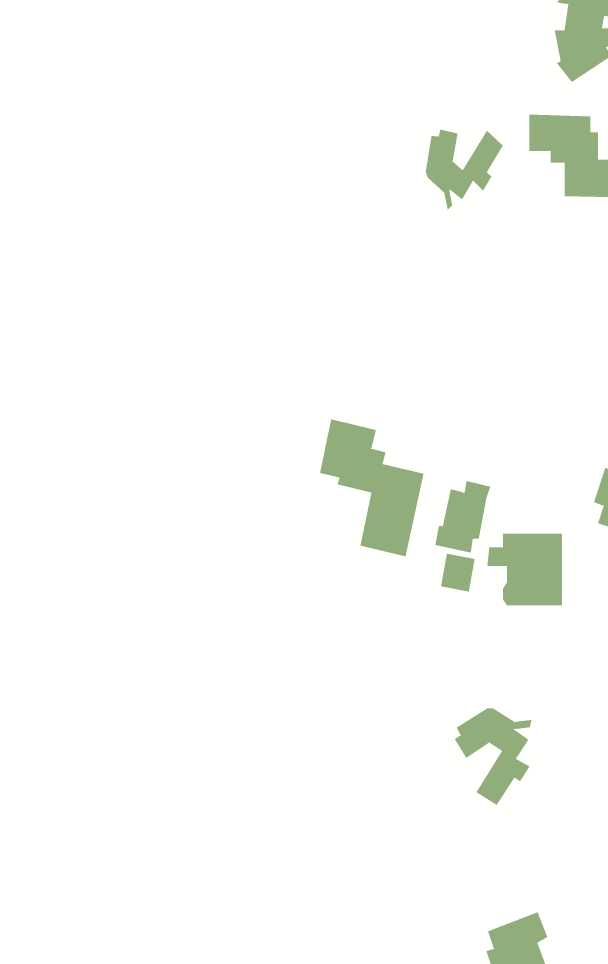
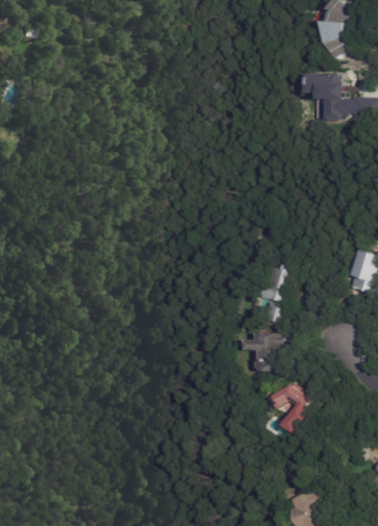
building: [425,129,504,211] -> none
building: [319,419,424,557] -> none
building: [487,533,563,606] -> [243,333,284,371]

